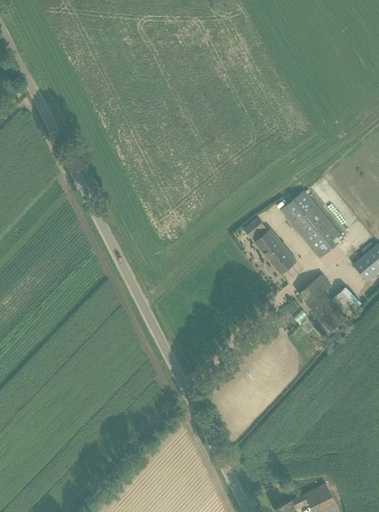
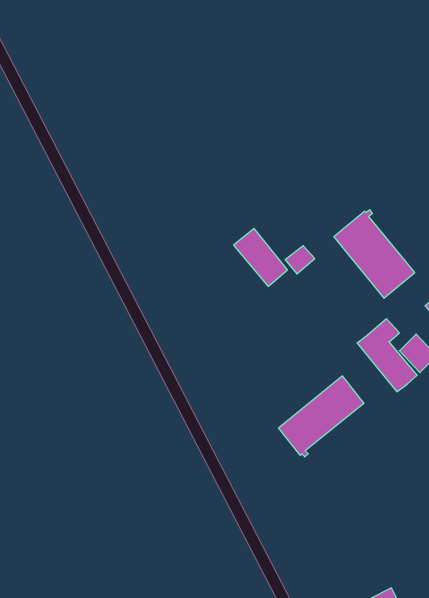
building: [254,229,296,274] -> [234,229,287,286]
building: none -> [279,376,364,457]

